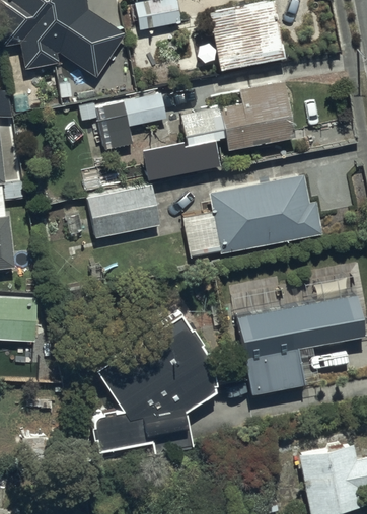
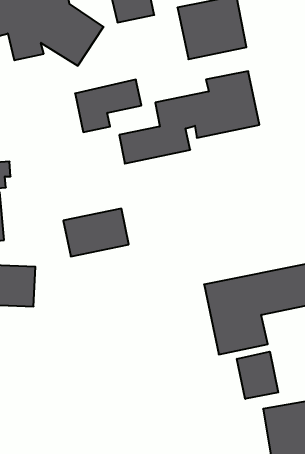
building: [206,172,321,254] -> none
building: [86,185,158,237] -> [63,209,129,256]
building: [89,325,214,455] -> none
building: none -> [237,352,278,399]

